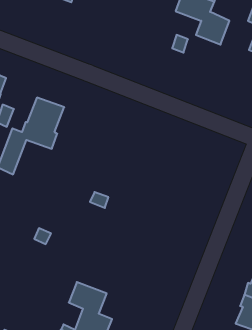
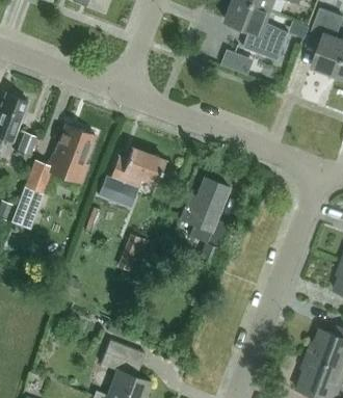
building: none -> [98,148,164,207]
building: none -> [179,177,229,285]

